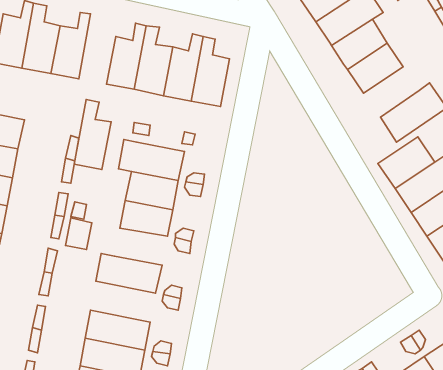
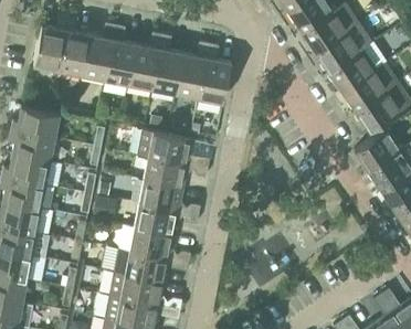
building: none -> [341,64,397,112]
building: [74,99,111,170] -> [104,25,135,84]
building: none -> [134,204,178,235]
building: none -> [114,248,168,283]

